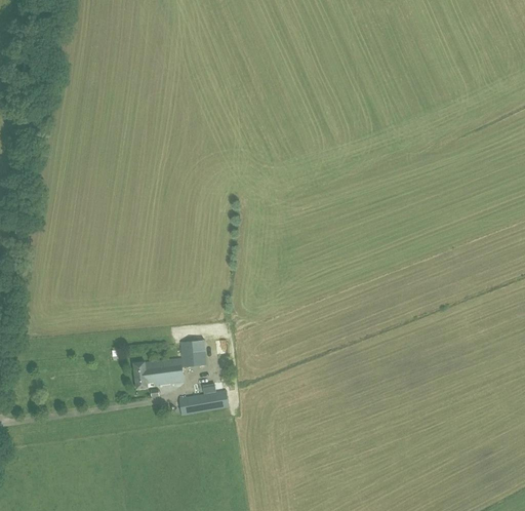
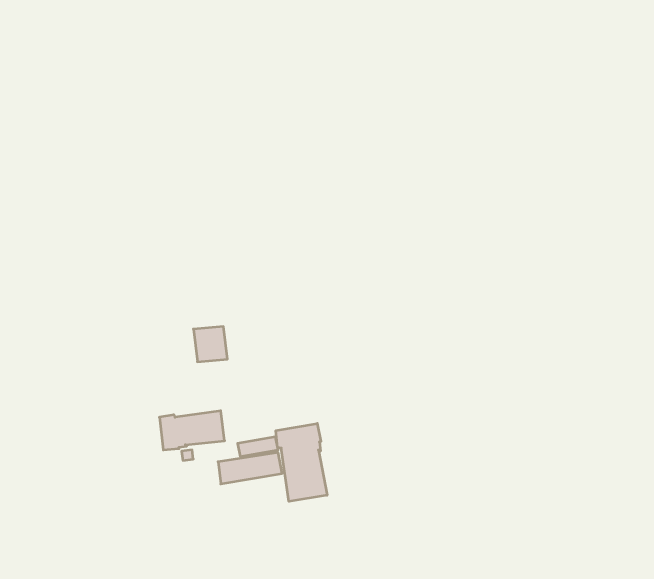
building: [179,339,206,366] -> [193,327,227,362]
building: none -> [276,423,327,501]

